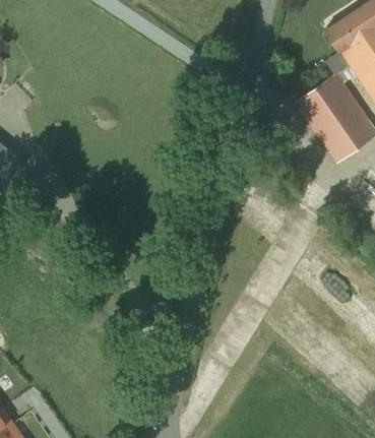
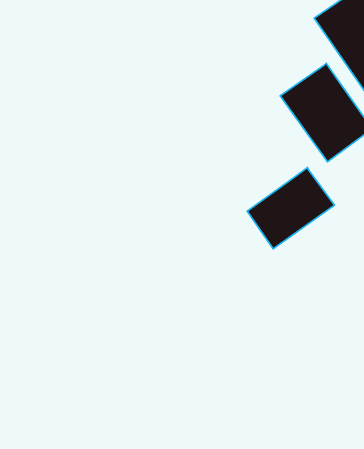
building: none -> [247,167,334,249]

